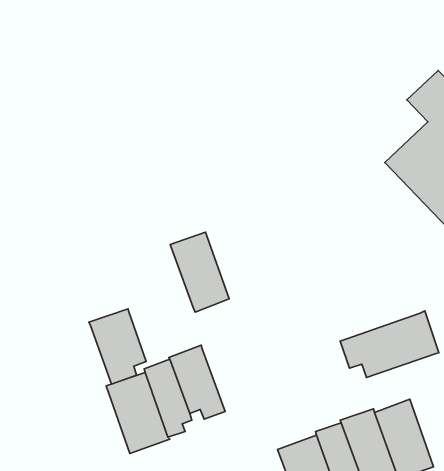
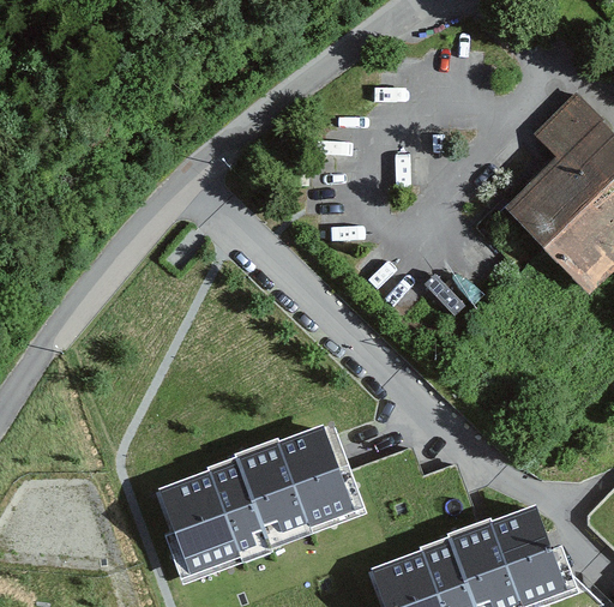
building: [170,232,229,312] -> [278,428,353,529]
building: [89,309,146,384] -> none
building: [340,311,439,377] -> none

